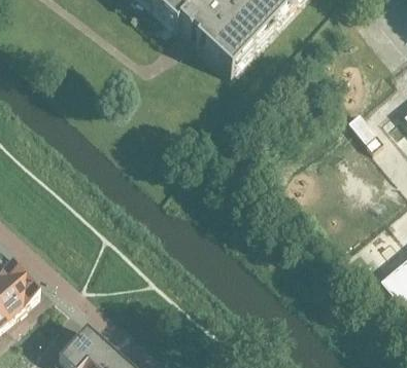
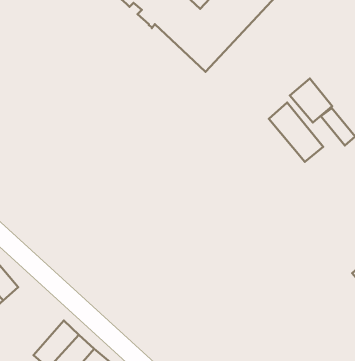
building: none -> [290,78,332,122]
building: none -> [269,102,323,162]

